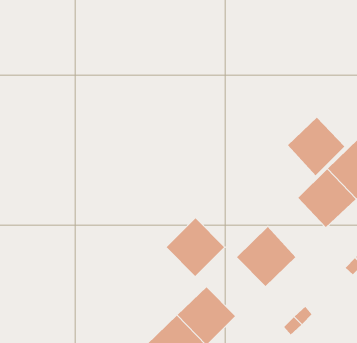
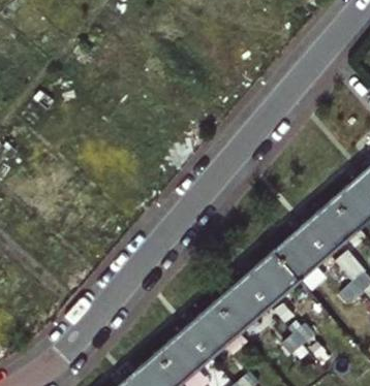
building: [287,117,345,176] -> [274,226,328,281]
building: [166,218,225,277] -> [214,278,269,332]

